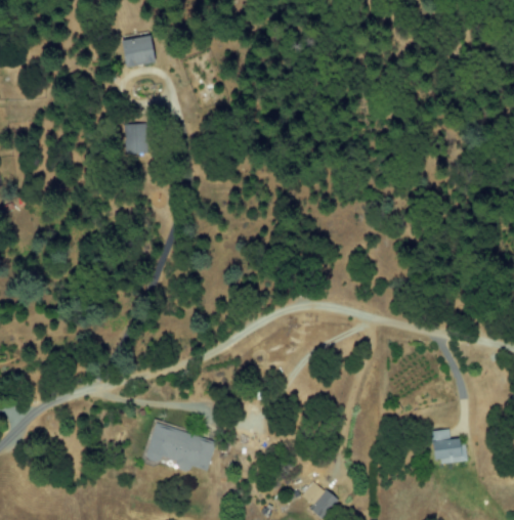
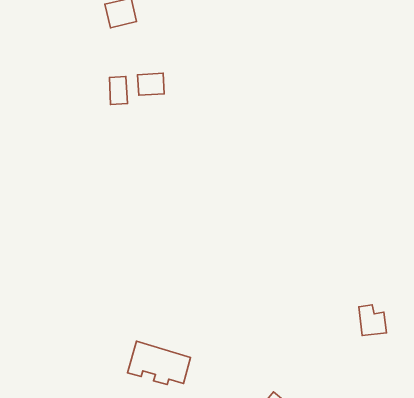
building: none -> [138,73,164,95]
building: [431,430,463,465] -> [359,305,387,336]

